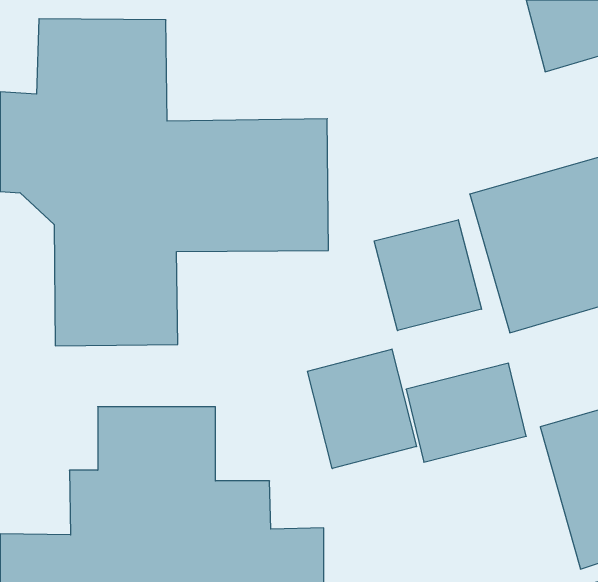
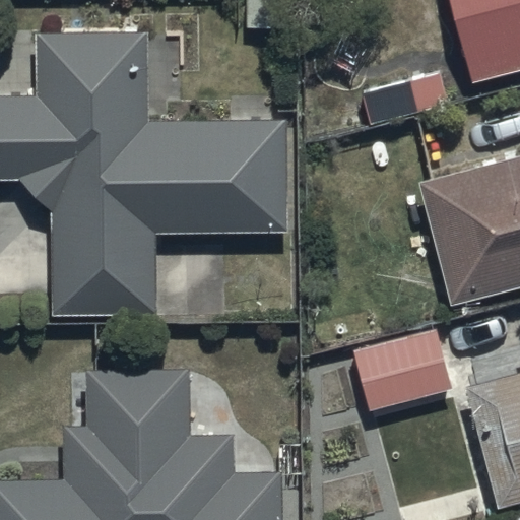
building: [374,220,482,331] -> none
building: [308,349,417,469] -> none

